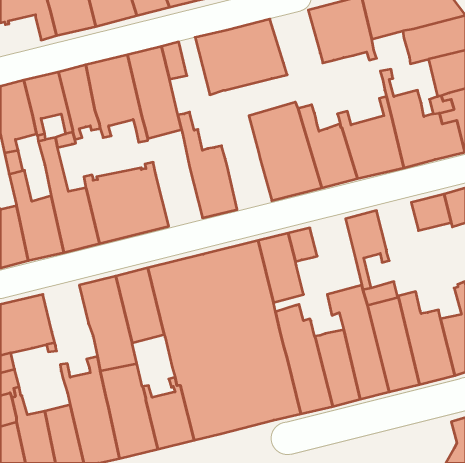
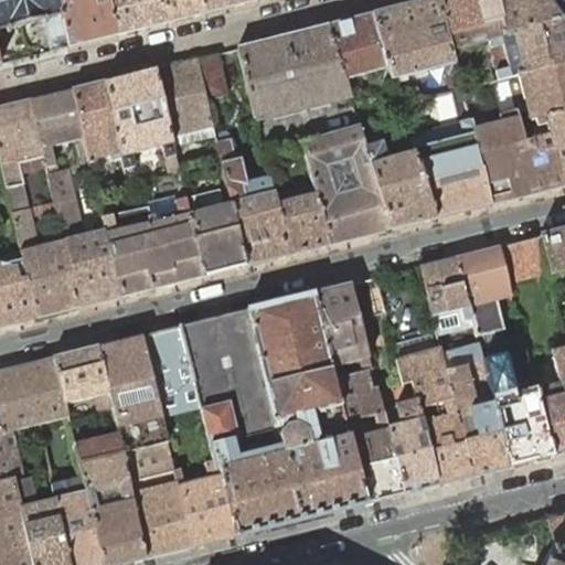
building: none -> [328,12,392,79]
building: none -> [274,185,330,254]
building: none -> [190,198,246,274]
building: none -> [457,245,511,333]
building: none -> [53,345,114,411]

